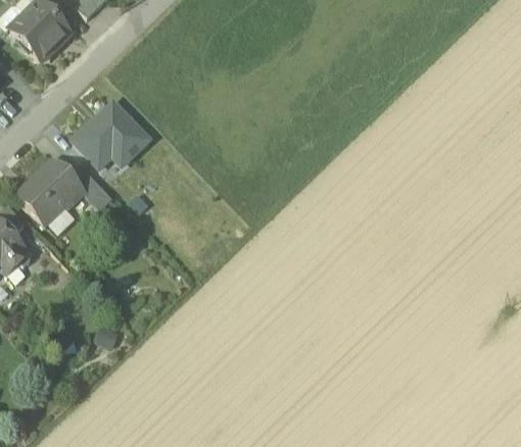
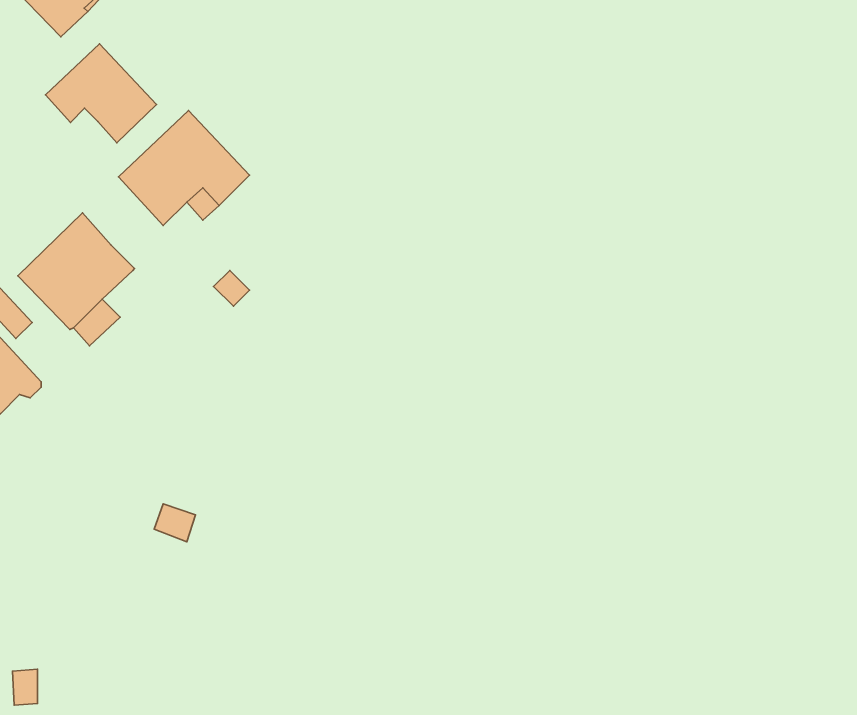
building: none -> [46,44,157,143]
building: [69,166,112,211] -> none

